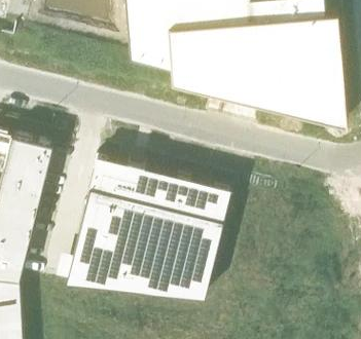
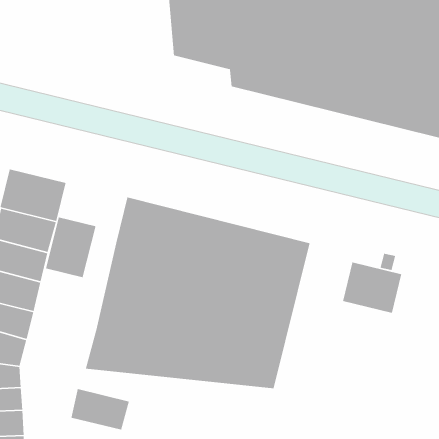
building: none -> [45,216,96,278]
building: none -> [342,261,402,314]
building: none -> [71,388,130,430]

